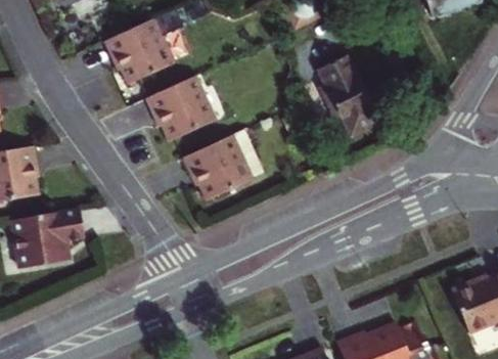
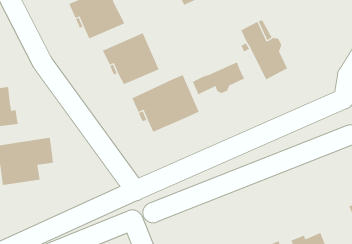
building: none -> [192,61,245,95]

